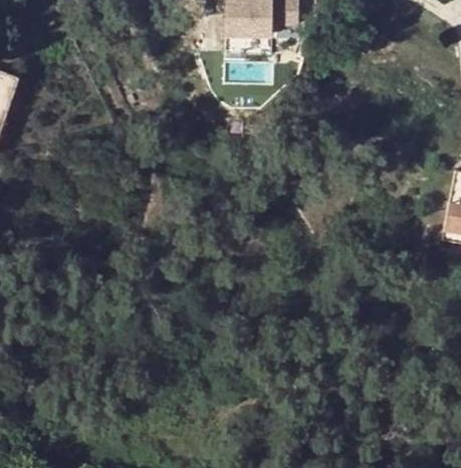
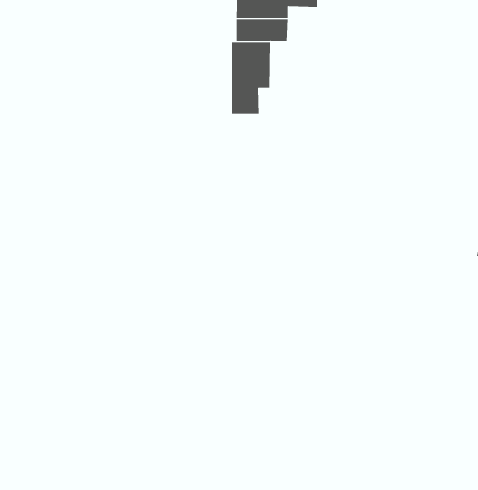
building: none -> [232,41,271,115]

